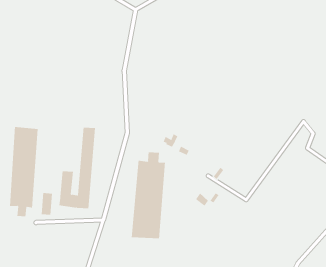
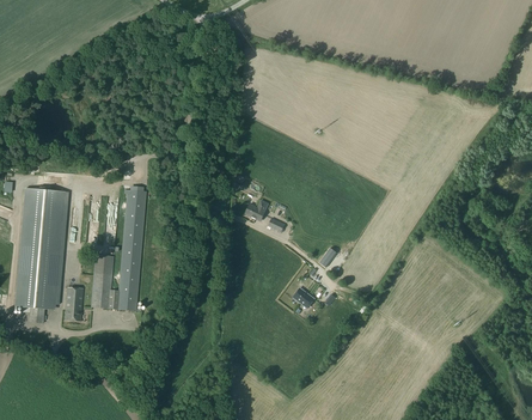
building: [131,152,166,239] -> none

